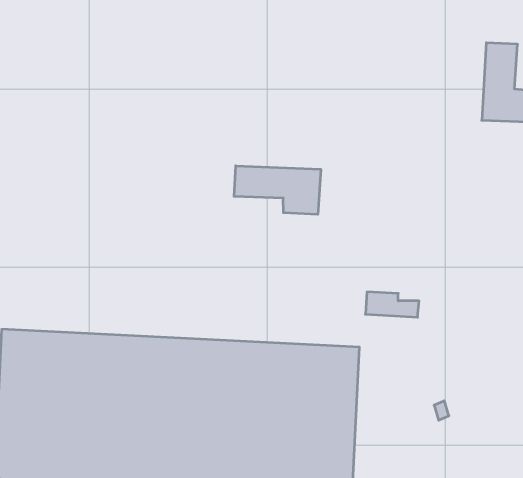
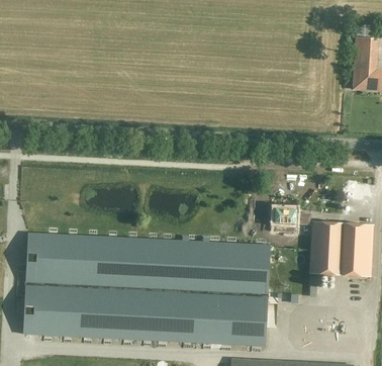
building: [234,166,321,214] -> none
building: none -> [308,220,373,276]

